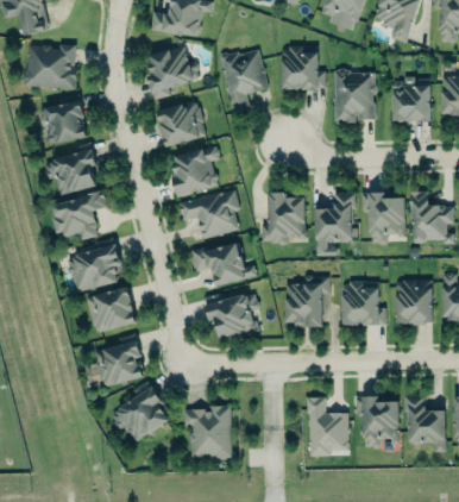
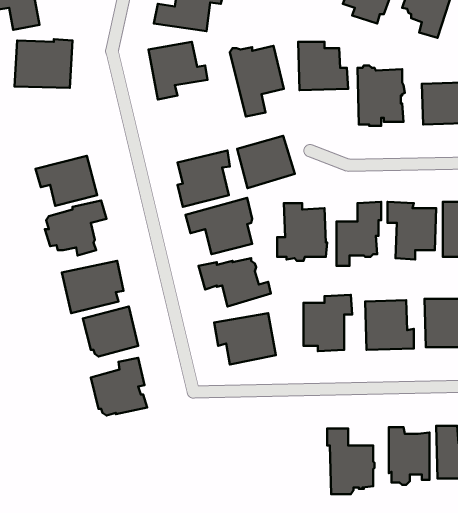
building: [155,100,207,148] -> [237,136,295,188]
building: [40,101,87,145] -> none
building: [109,381,171,441] -> none
building: [184,406,231,458] -> none

